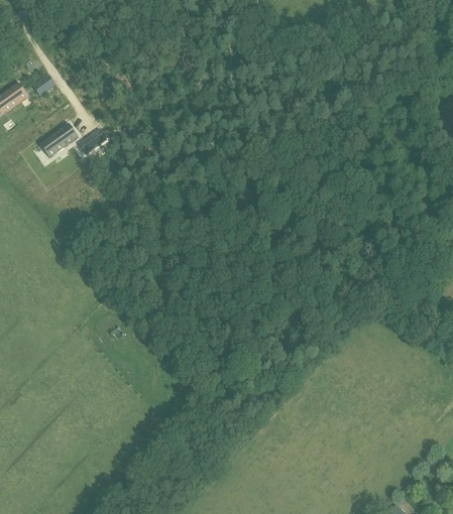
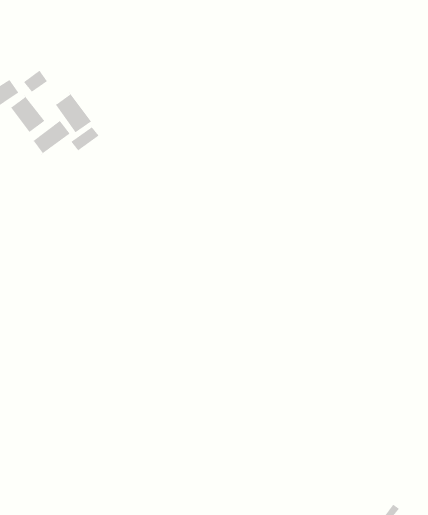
building: none -> [54,92,92,133]
building: none -> [10,94,45,133]

